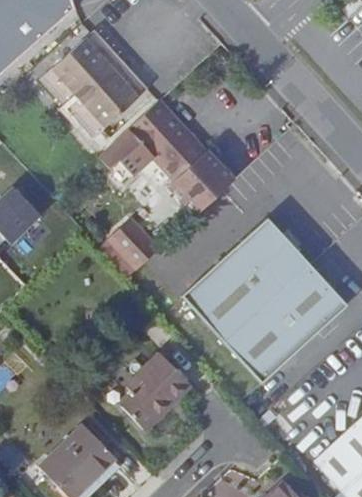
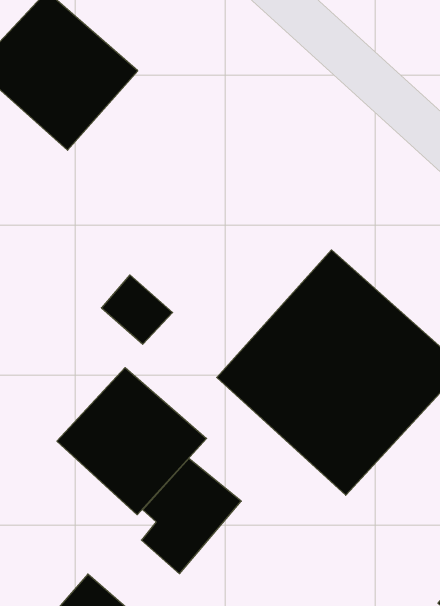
building: [102,99,233,215] -> none
building: none -> [57,368,207,515]

